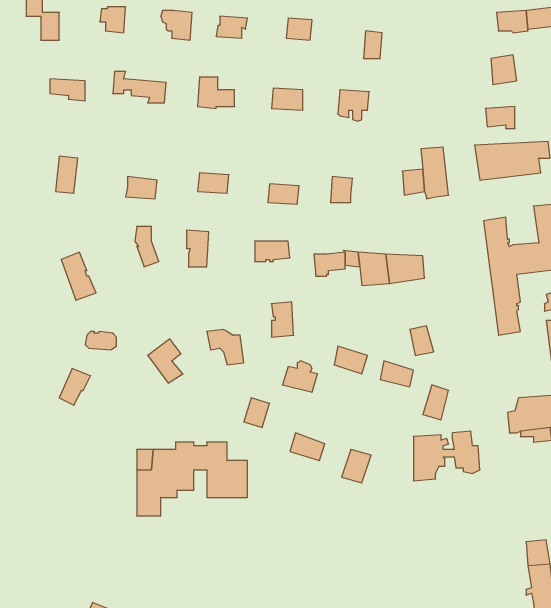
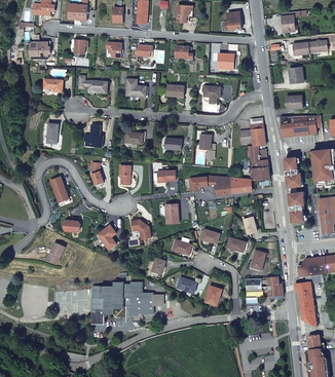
building: none -> [249,146,269,180]
building: none -> [294,281,317,326]

